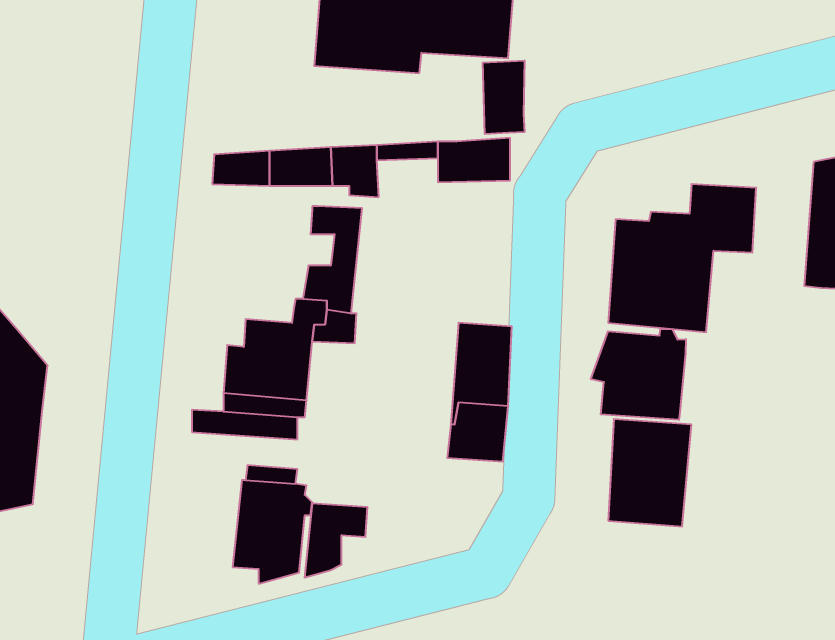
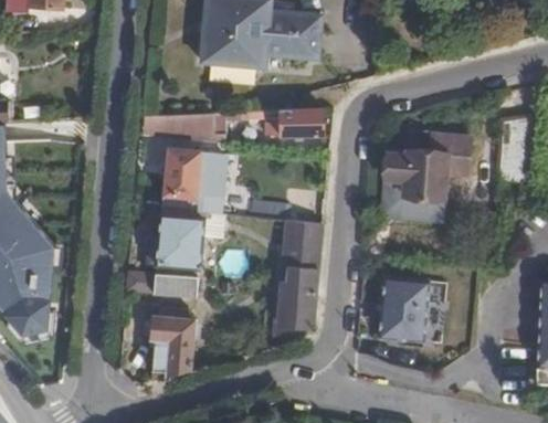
building: [483,60,525,134] -> none
building: none -> [164,148,215,209]
building: [591,329,686,420] -> none
building: [305,504,368,578] -> [278,298,316,342]

